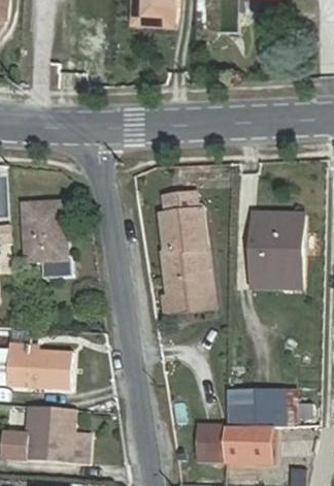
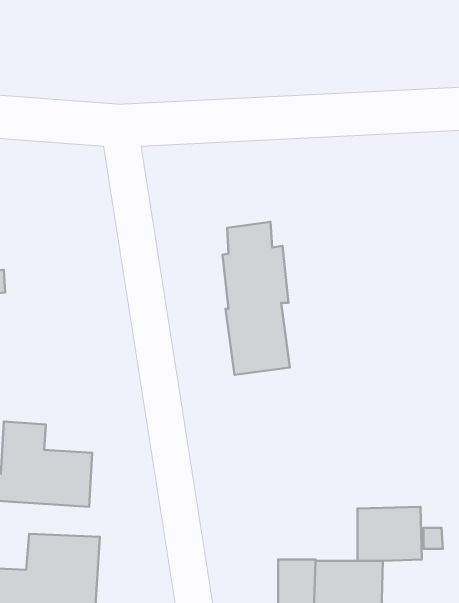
building: [23,200,70,277] -> none
building: [252,214,301,285] -> none
building: [228,389,254,425] -> none

